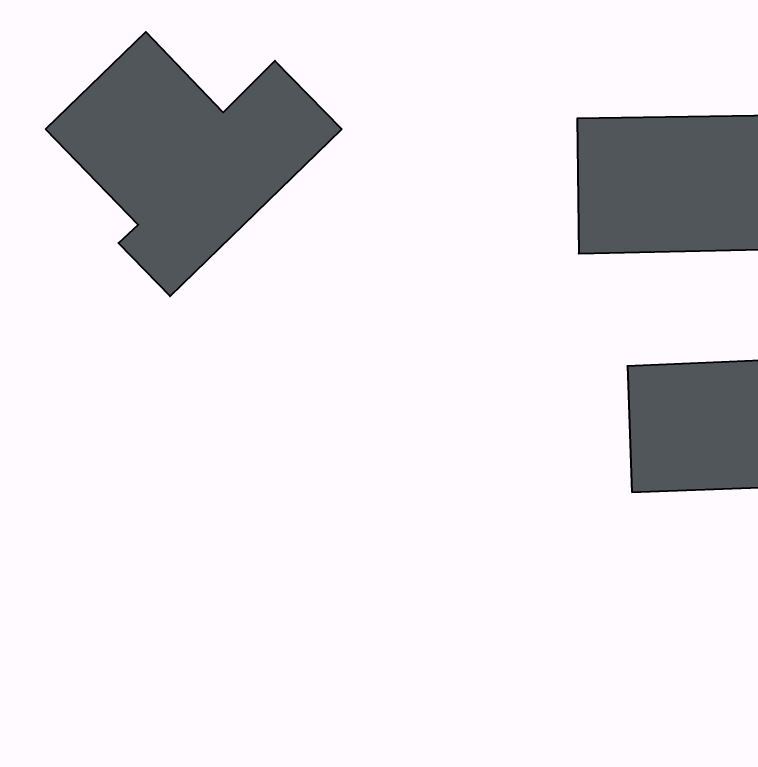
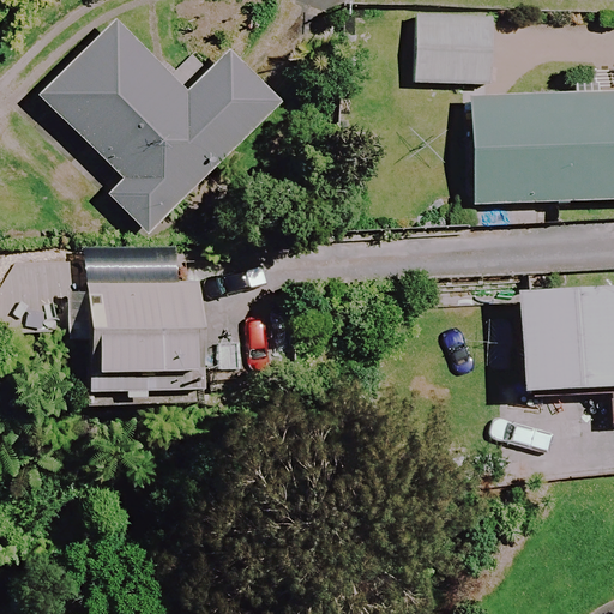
building: none -> [417,14,493,82]
building: none -> [74,283,199,374]

